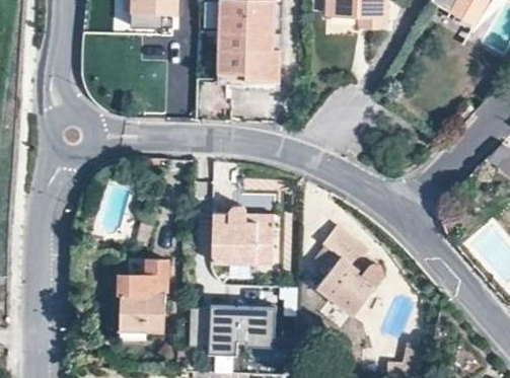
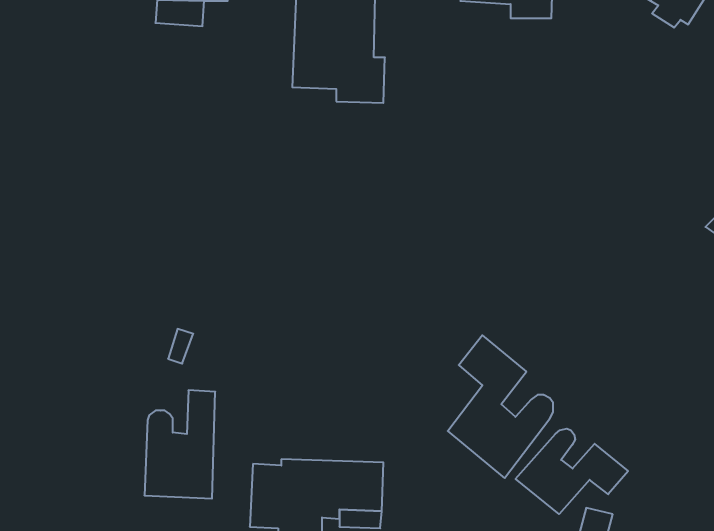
building: [215,208,276,266] -> none
building: none -> [516,429,628,514]

